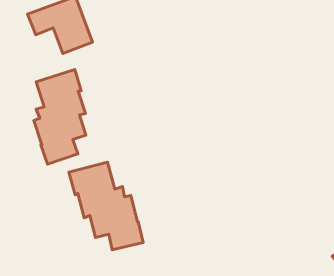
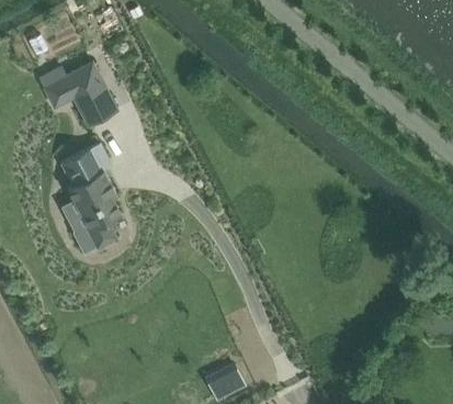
building: [69,162,143,250] -> none

